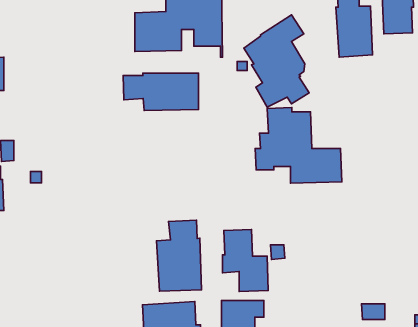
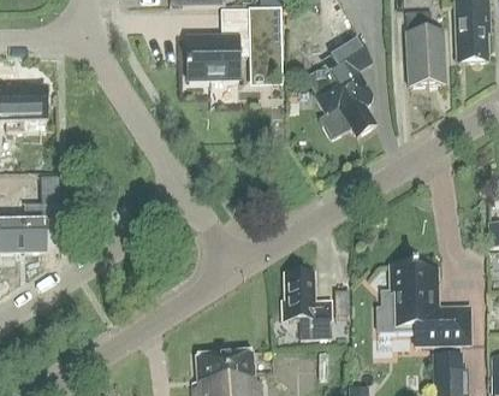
building: [123,73,198,111] -> none
building: [255,107,342,183] -> [376,262,470,344]
building: [157,220,202,291] -> none

